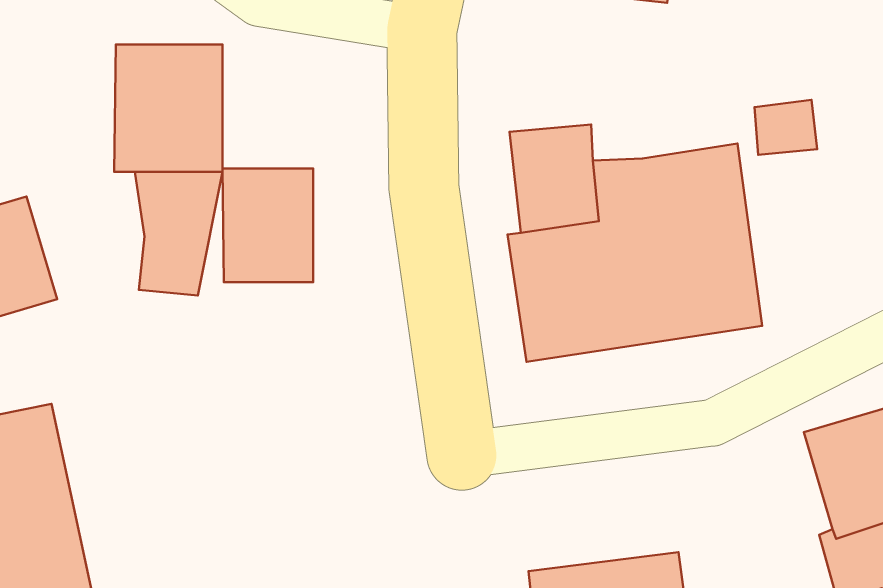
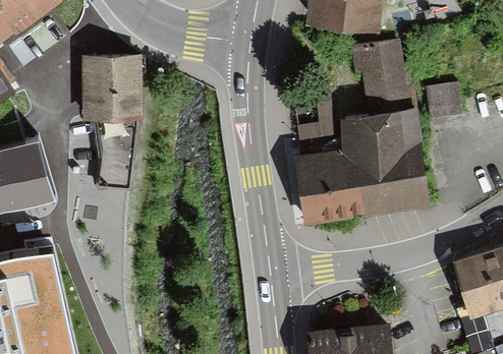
building: none -> [352,41,417,116]
building: [222,168,313,282] -> none

